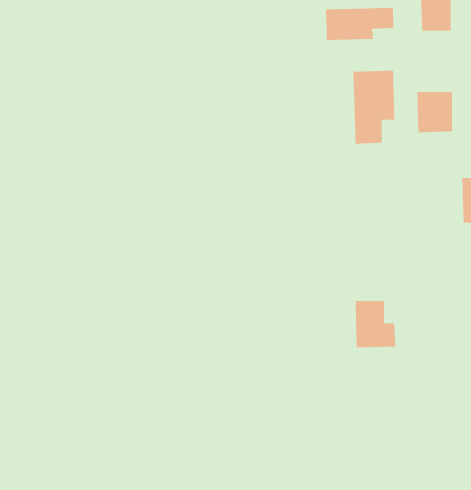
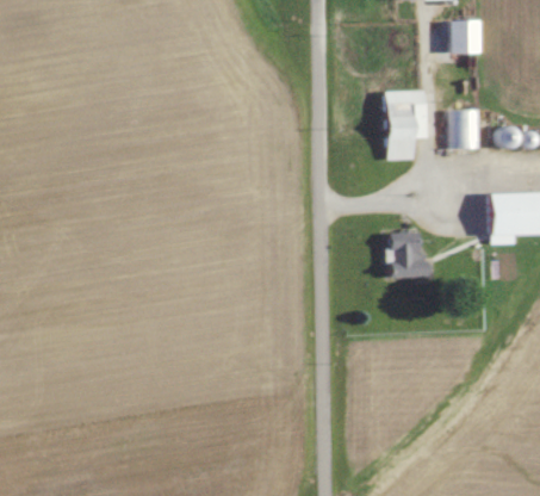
building: [325,7,394,41] -> none
building: [355,300,396,348] -> [389,232,428,278]

